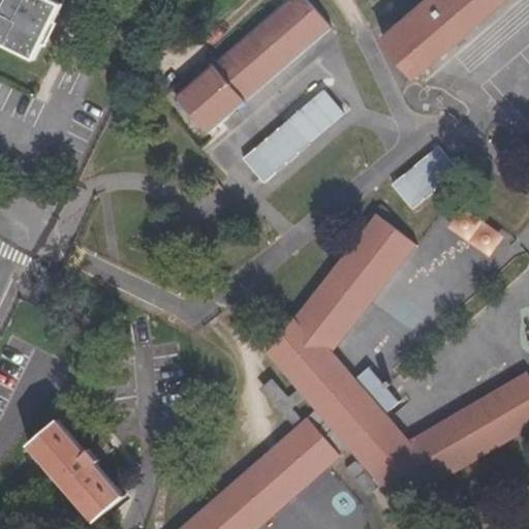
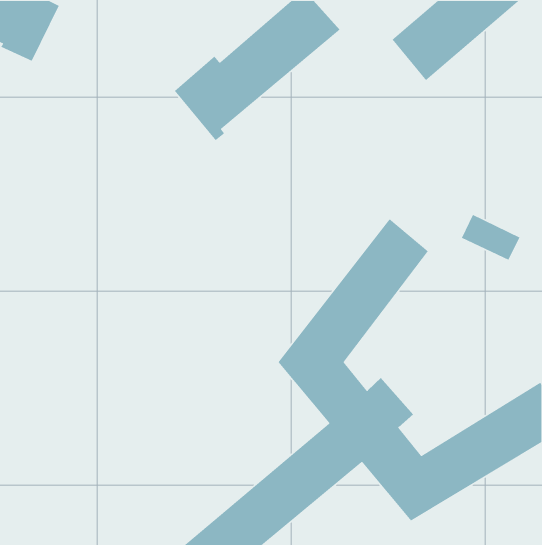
building: [241,90,344,187] -> none
building: [390,145,459,210] -> none
building: [28,418,123,522] -> none

